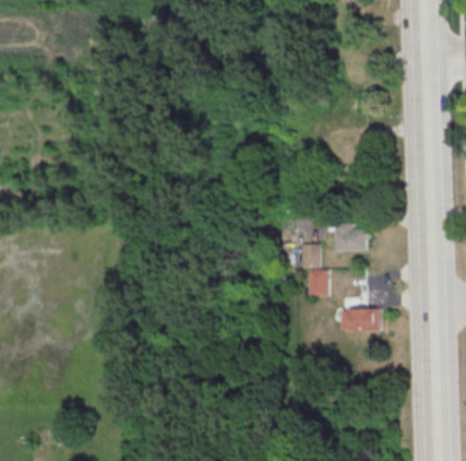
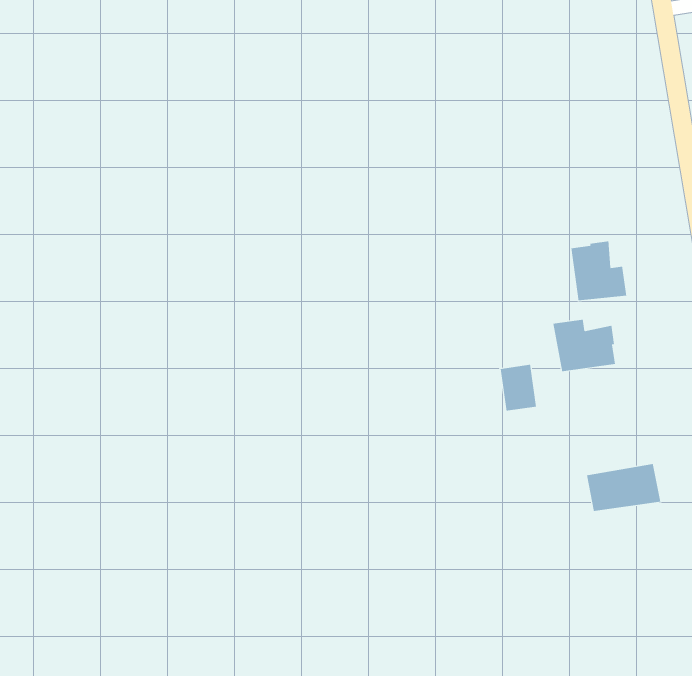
building: none -> [571,240,627,301]
building: [311,271,328,295] -> none

